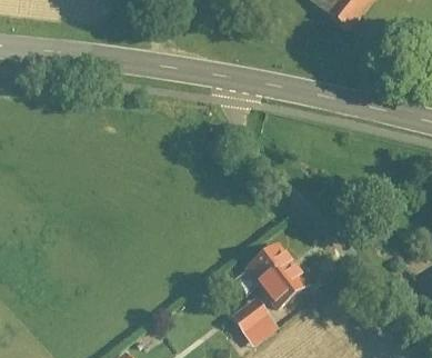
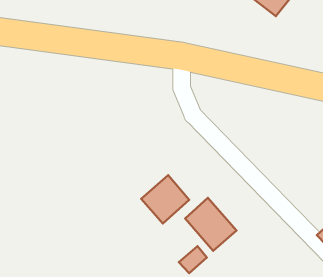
building: none -> [141,175,189,223]

